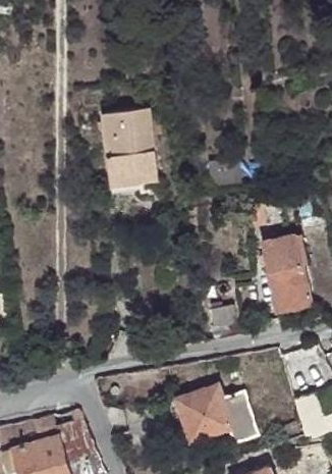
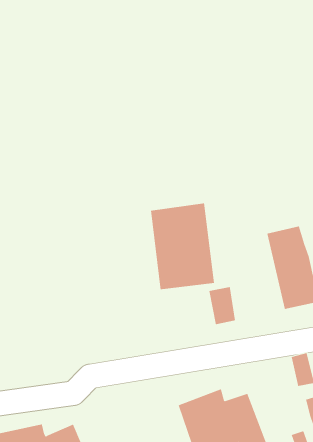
building: [100,107,160,188] -> [150,203,215,290]

